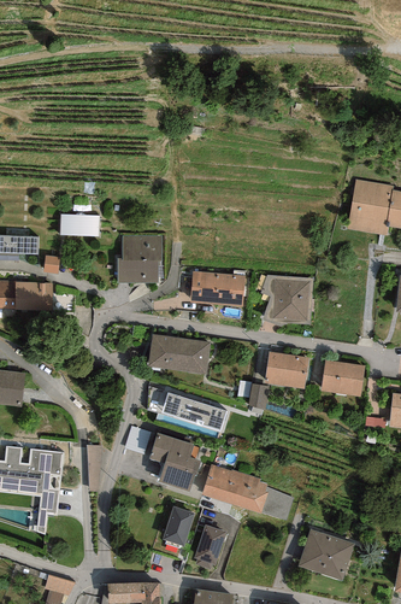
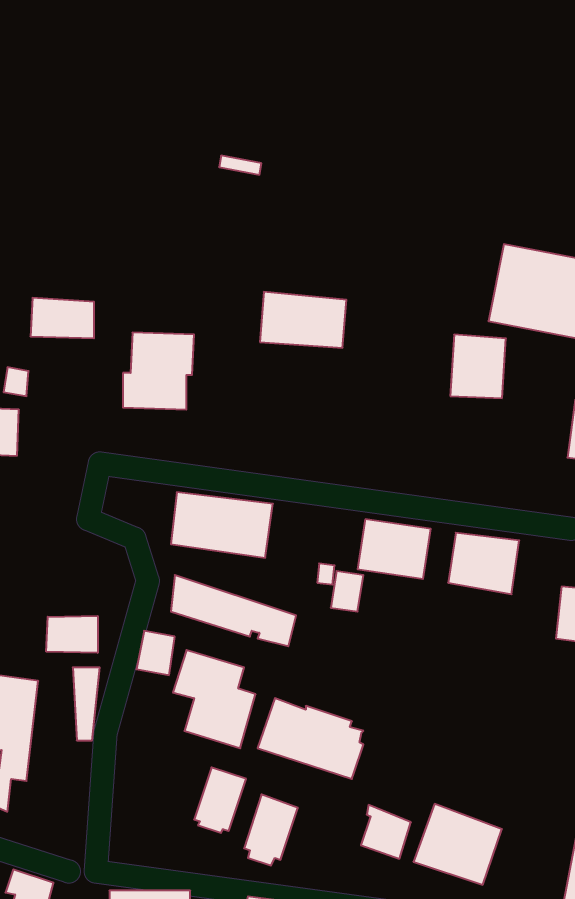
building: [190,269,244,304] -> [260,292,346,348]
building: [273,280,308,319] -> [450,335,506,398]
building: none -> [46,616,98,653]
building: [261,485,293,518] -> [361,805,411,859]

